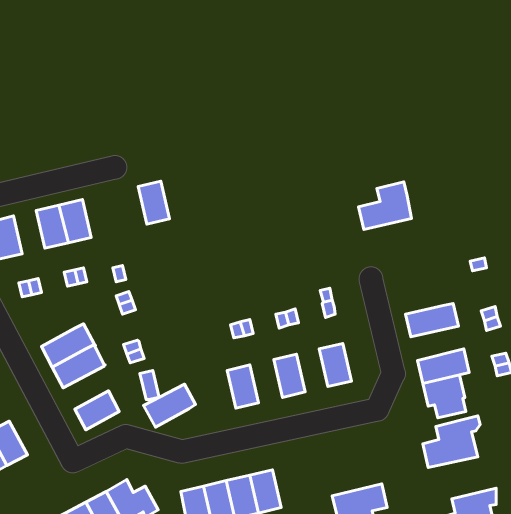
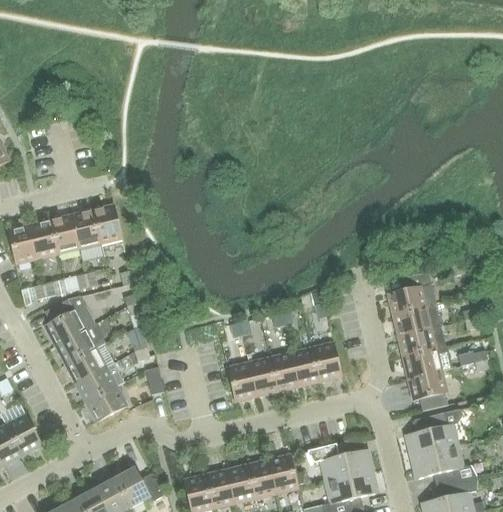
building: [138,181,169,224] -> [93,204,122,244]
building: [359,182,411,229] -> [387,271,436,315]
building: none -> [29,219,58,259]
building: none -> [44,297,94,345]
building: none -> [397,326,446,358]
building: none -> [291,347,320,387]
building: none -> [248,357,278,397]
building: [144,384,195,427] -> [75,363,123,403]
building: none -> [307,441,370,483]
building: none -> [413,447,476,486]
building: none -> [269,454,298,494]

